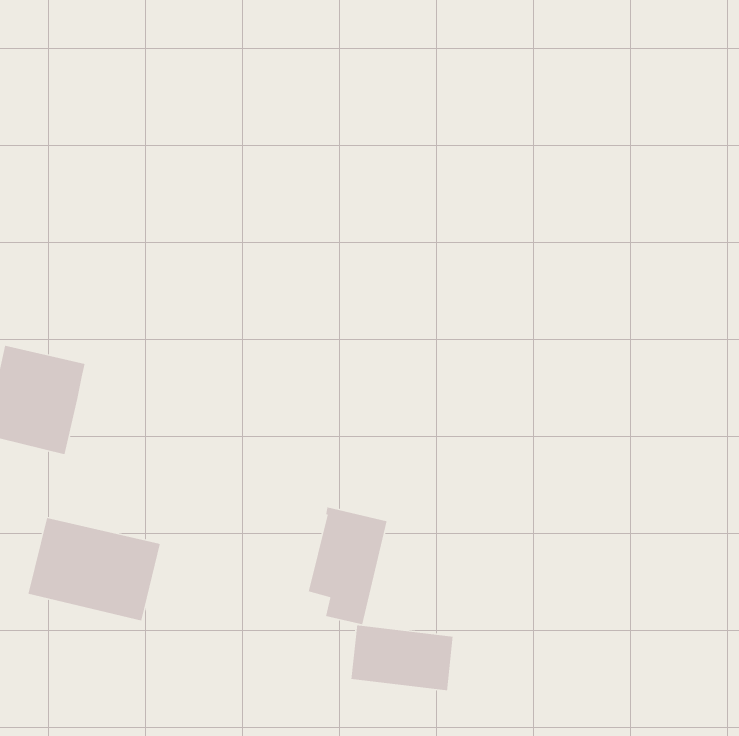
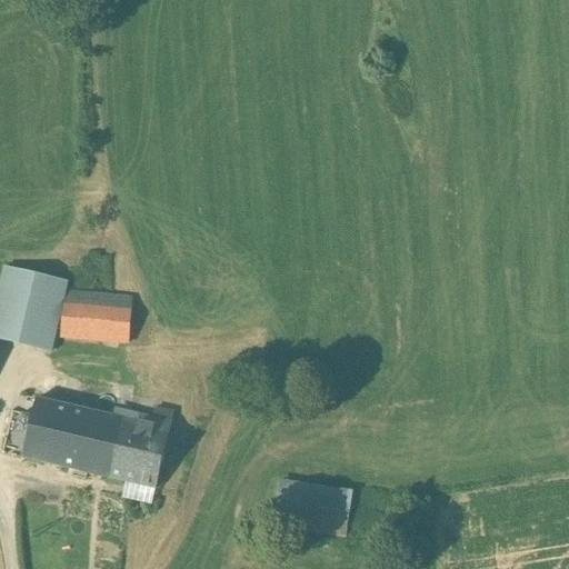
building: none -> [60,289,131,340]
building: [308,506,388,625] -> [109,410,170,501]

